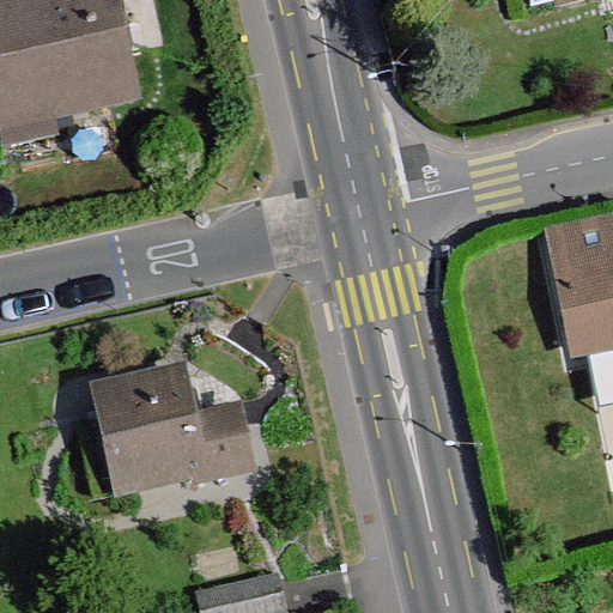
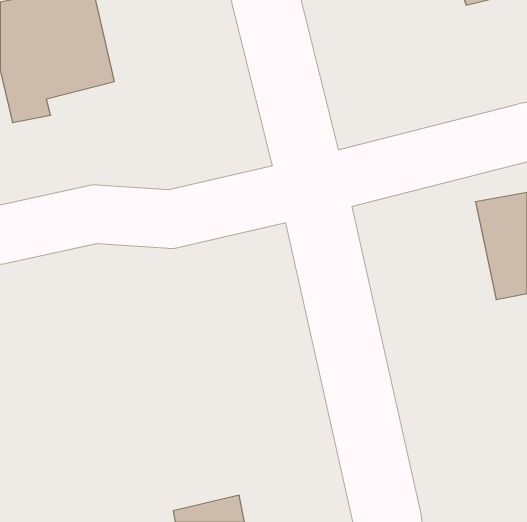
building: [101,376,251,491] -> none

